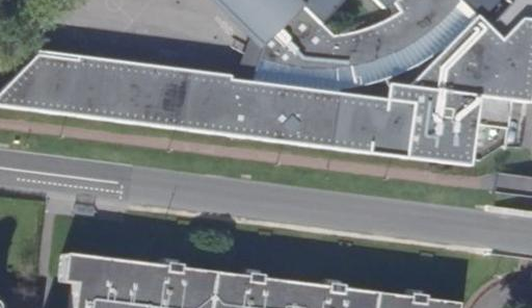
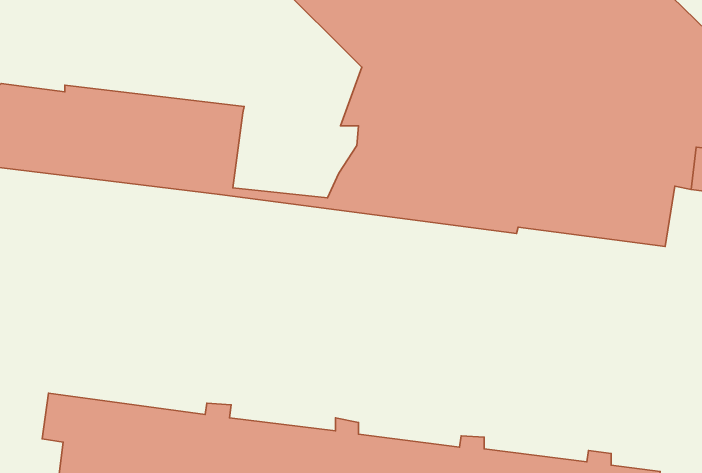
building: [187,74,267,128] -> none
building: [368,121,479,164] -> none

